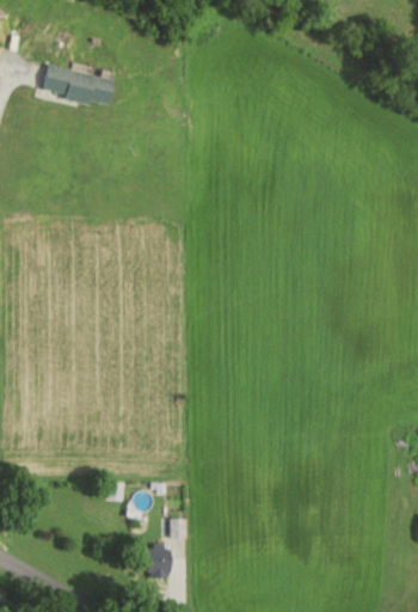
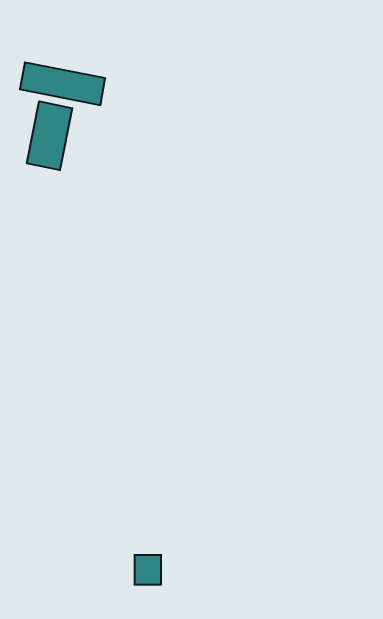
building: none -> [27,101,72,170]

